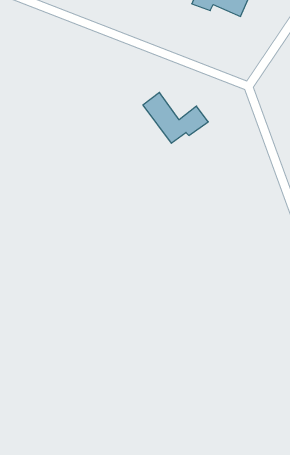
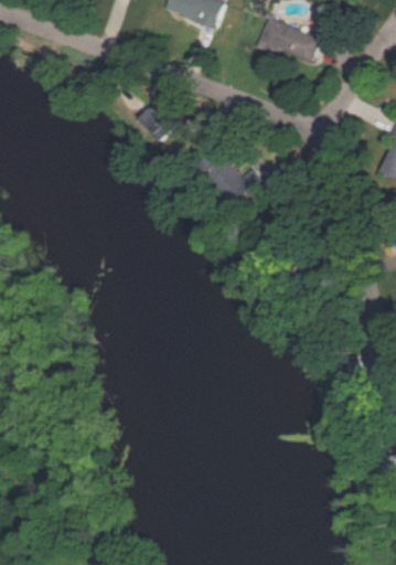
building: none -> [137,106,176,139]

